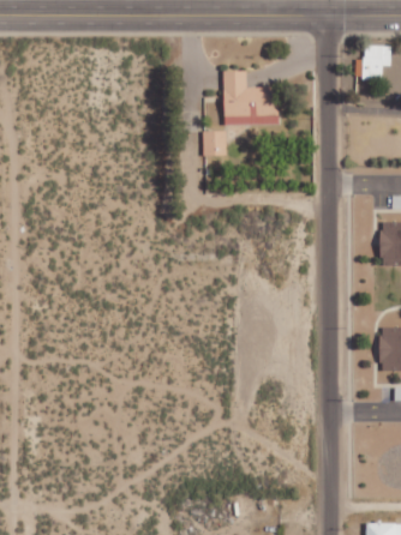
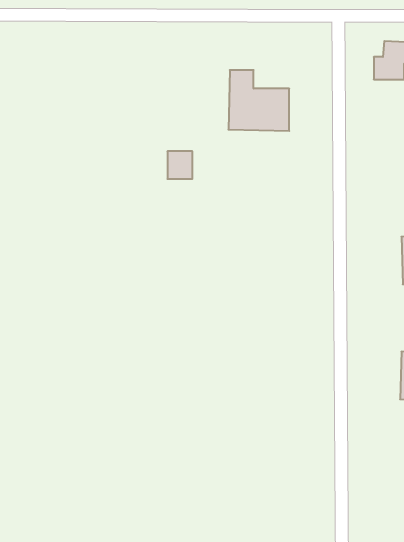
building: [203,131,226,156] -> [167,151,192,179]

